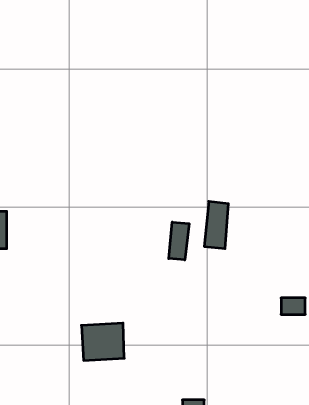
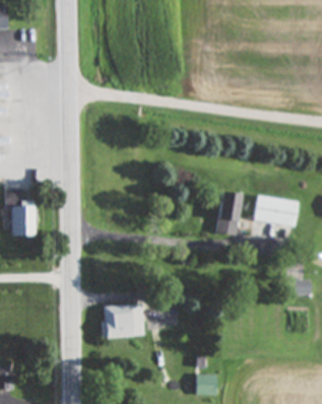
building: none -> [254,196,299,226]
building: [169,222,189,260] -> none

